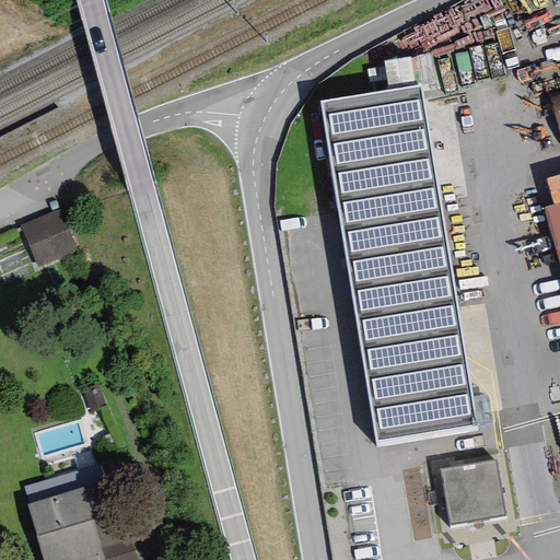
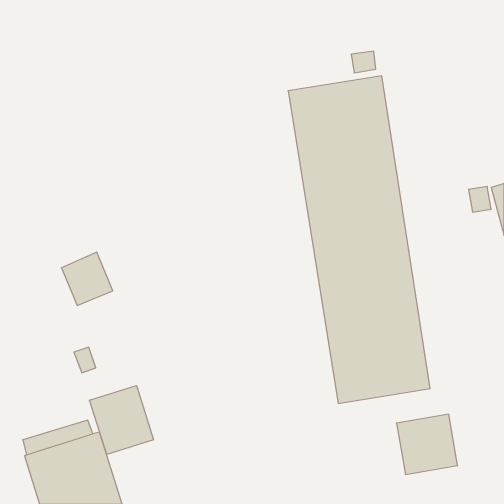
building: [21,209,78,268] -> [61,252,113,305]
building: none -> [90,386,154,454]

